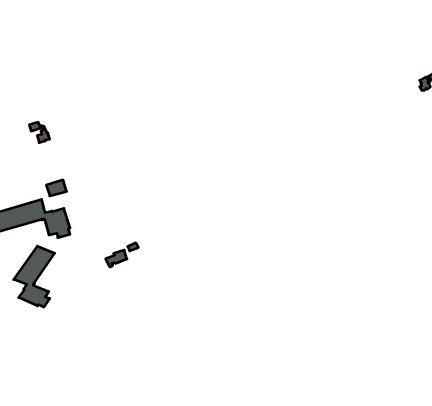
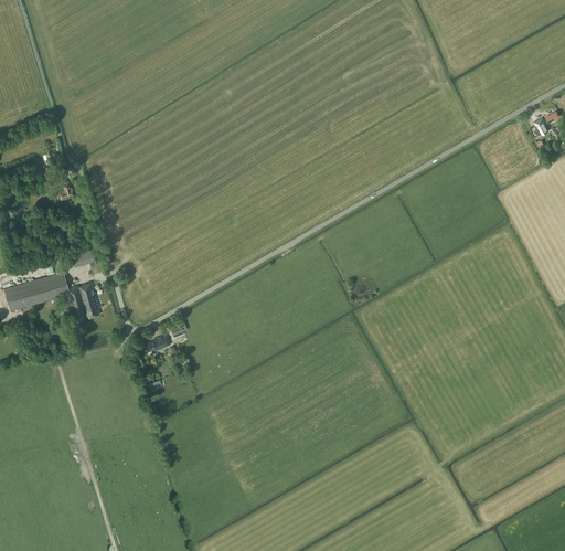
building: [14,246,55,307] -> none

